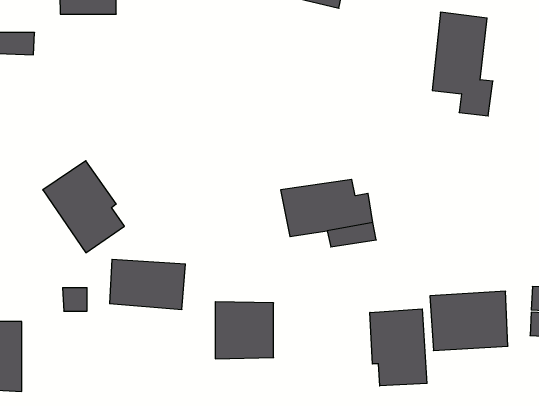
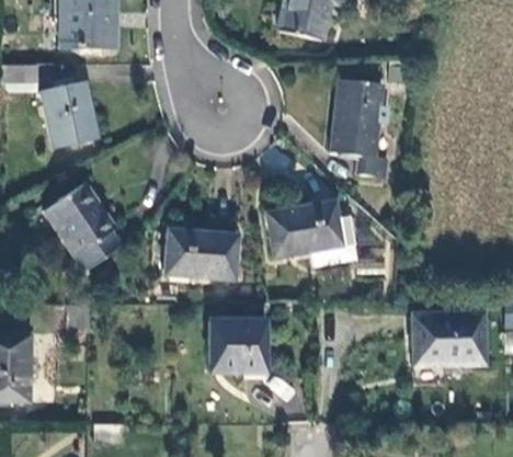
building: [432,12,493,116] -> [333,80,390,178]
building: none -> [44,83,99,150]
building: [110,259,185,309] -> [168,231,239,278]
building: [370,309,427,386] -> none

